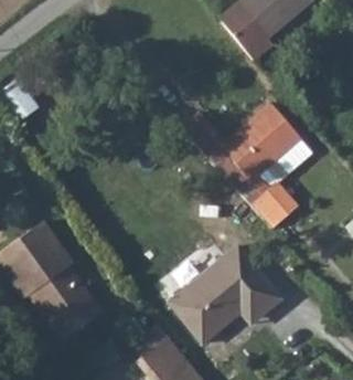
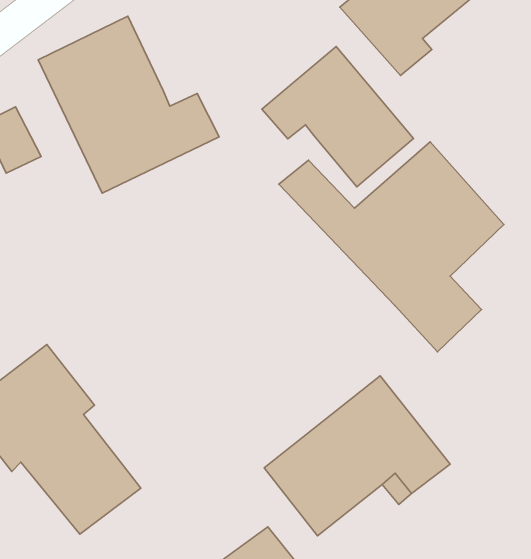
building: none -> [38,16,219,193]
building: none -> [262,47,414,187]

